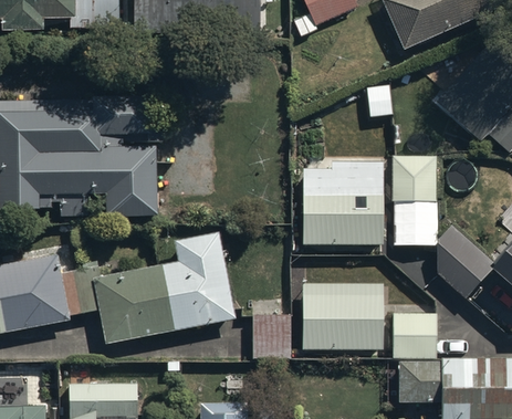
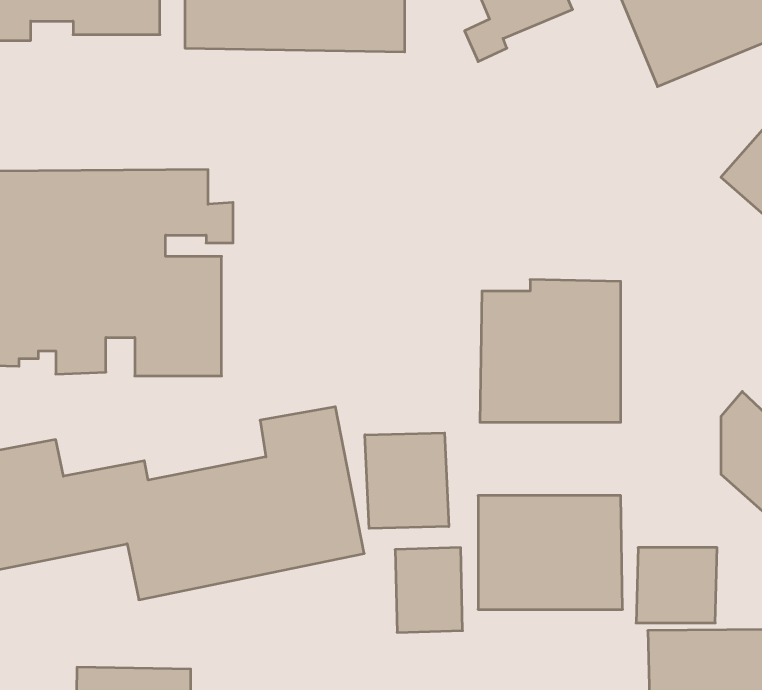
building: [391,154,439,245] -> none
building: none -> [365,433,449,528]

